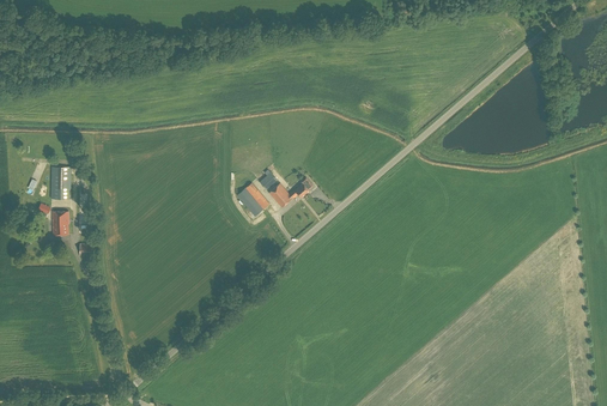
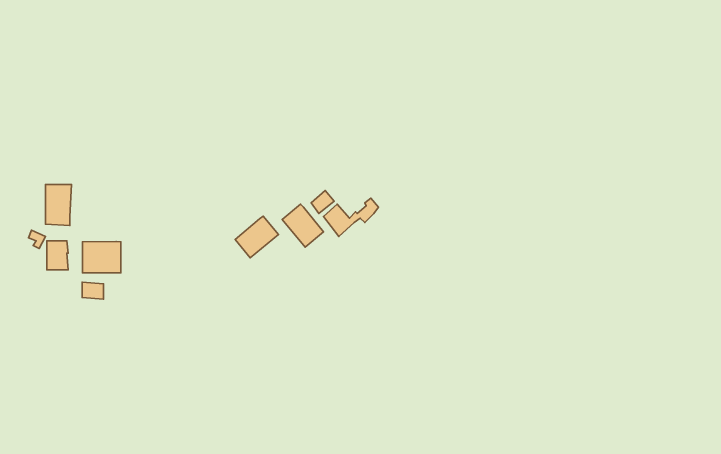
building: none -> [235,216,278,258]
building: none -> [82,241,121,273]

